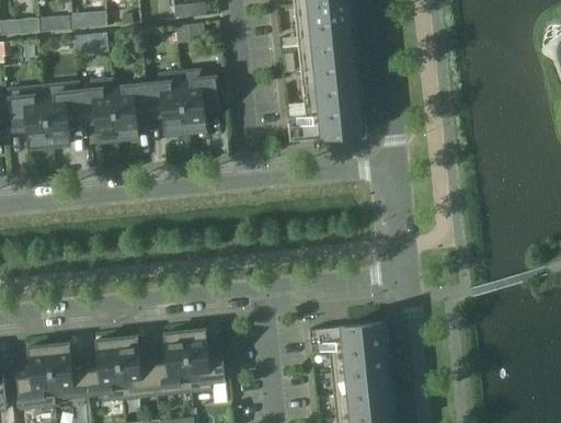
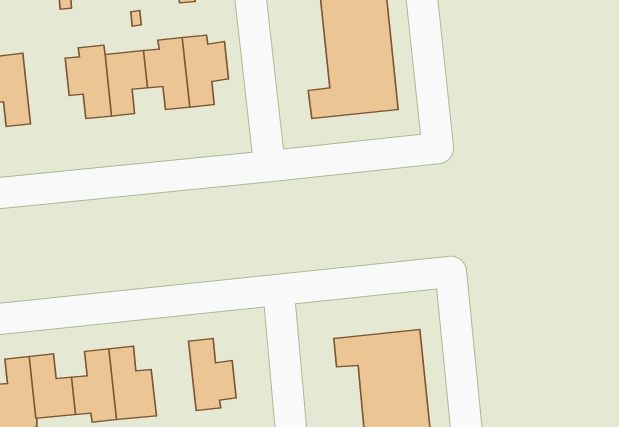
building: [45,82,84,146] -> none
building: [154,331,193,395] -> none

